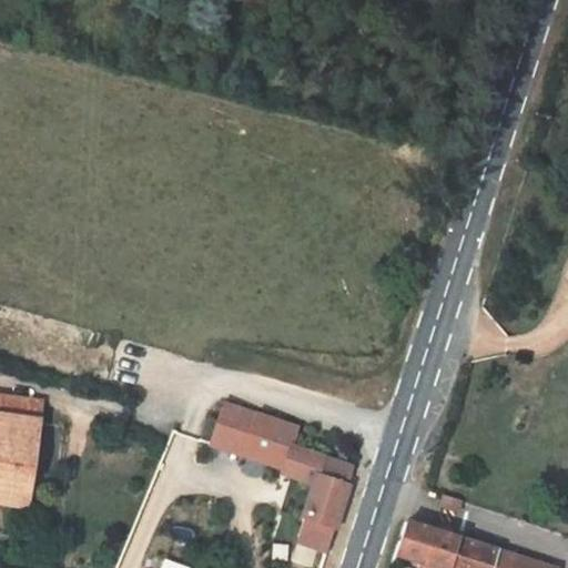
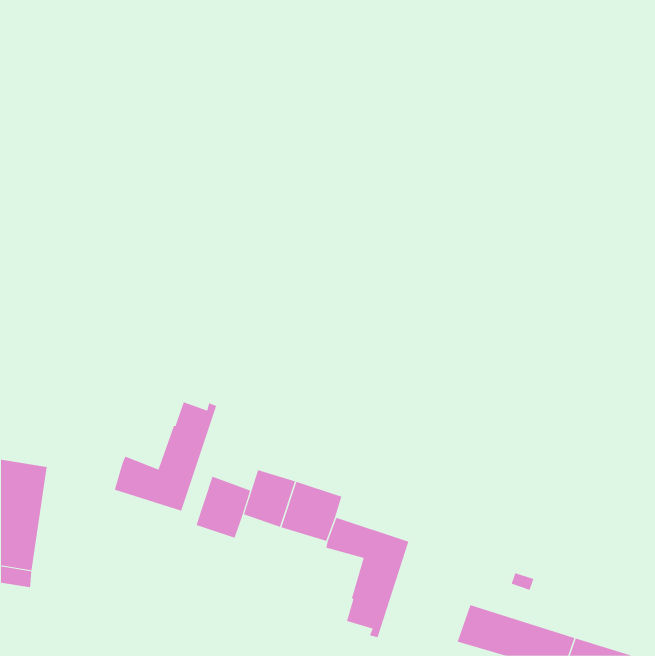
building: none -> [114,402,217,511]
building: none -> [196,476,251,538]

